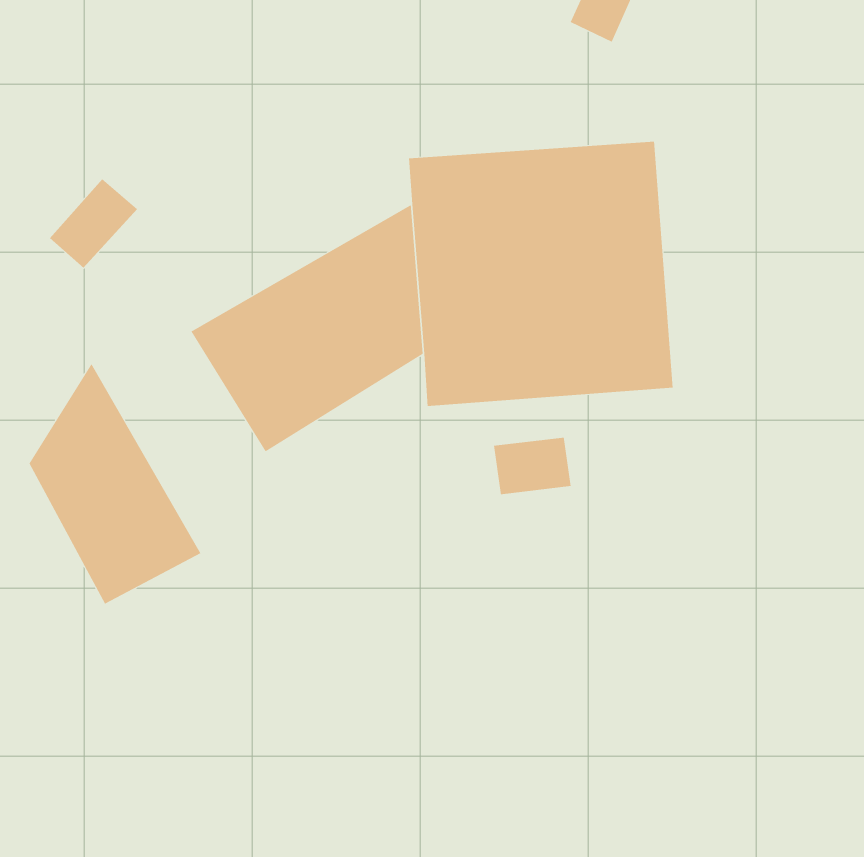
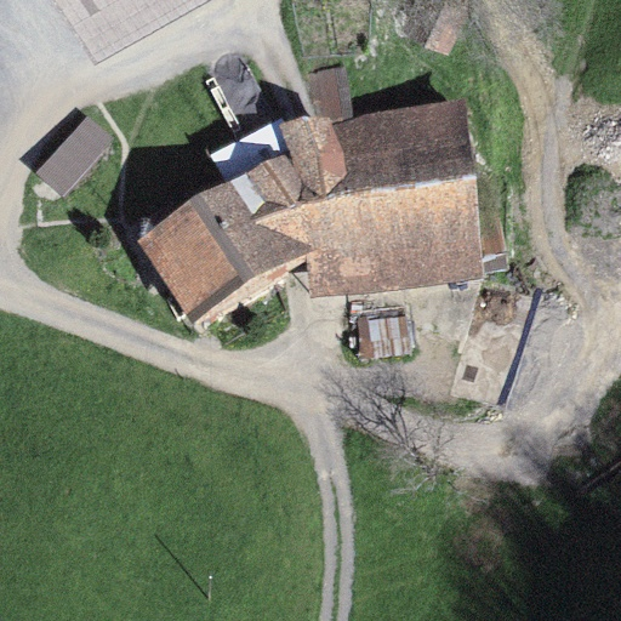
building: [29,363,201,605] -> none

